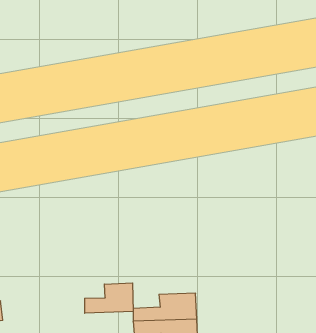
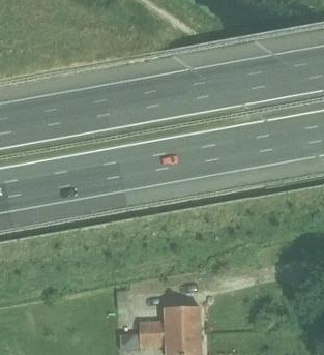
building: [85,283,133,313] -> none

